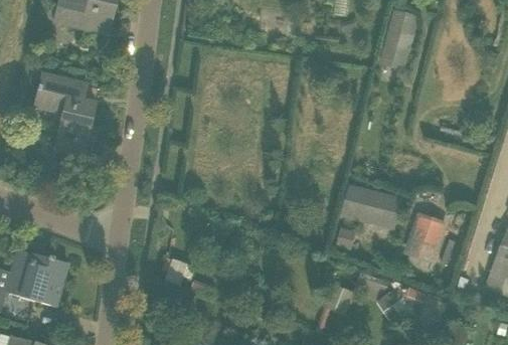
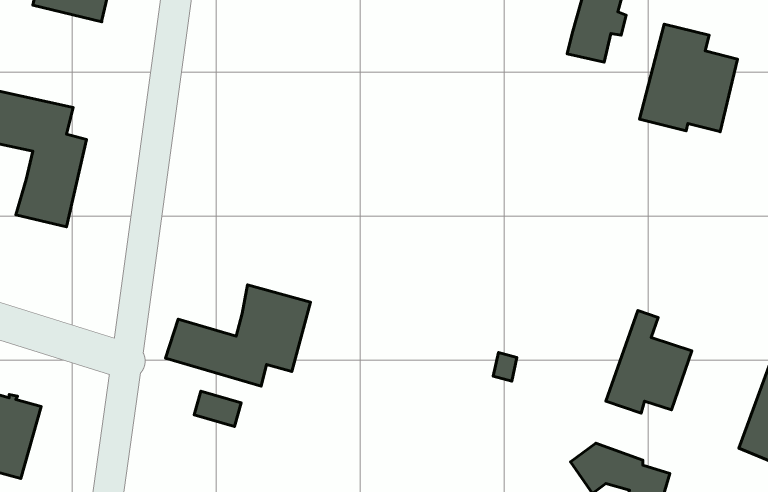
building: none -> [640,24,737,132]
building: [345,189,398,224] -> none
building: none -> [166,285,310,386]

